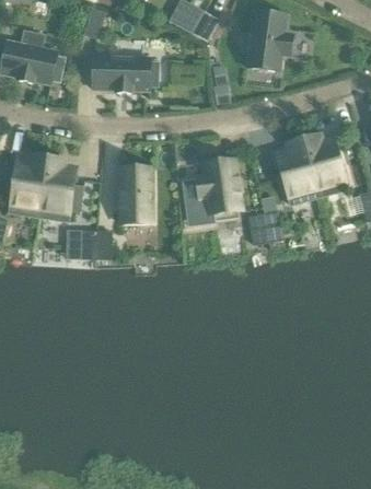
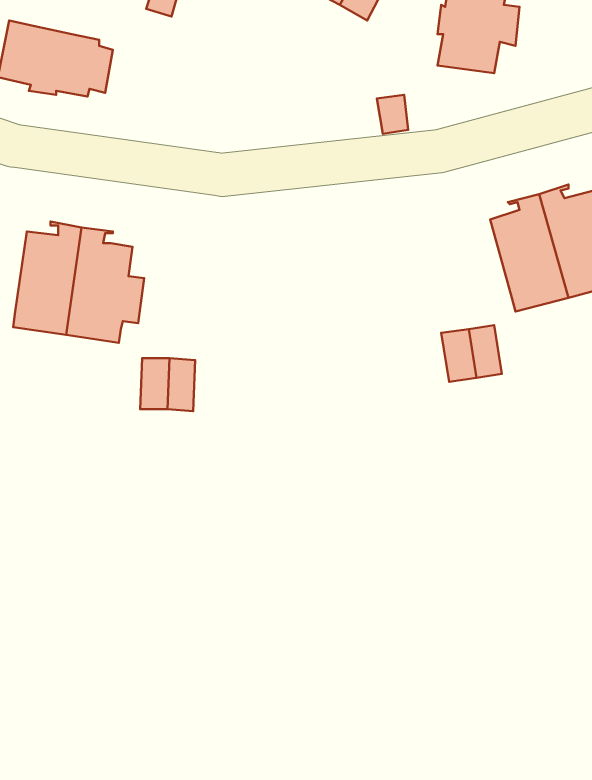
building: [93,55,159,92] -> none
building: [183,156,243,220] -> none
building: [116,165,152,222] -> none

